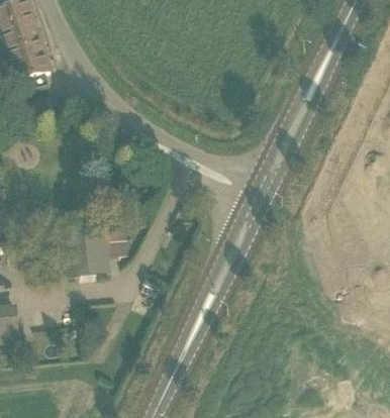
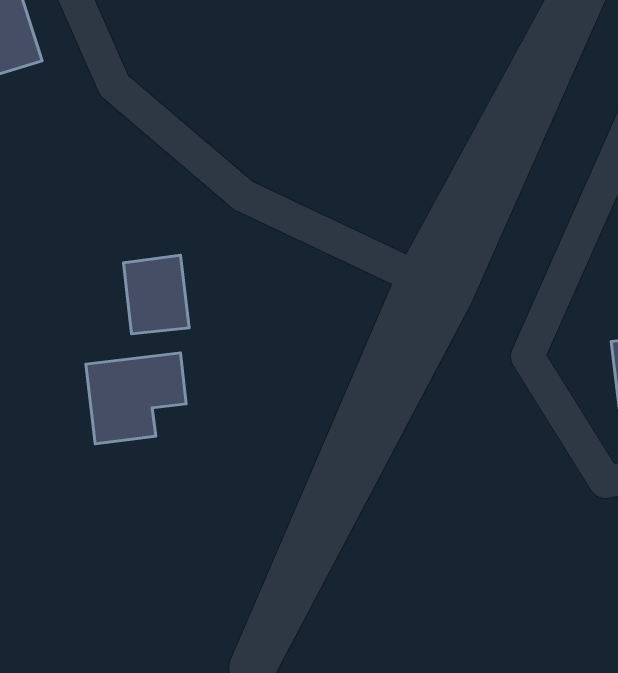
building: none -> [124,255,189,334]

